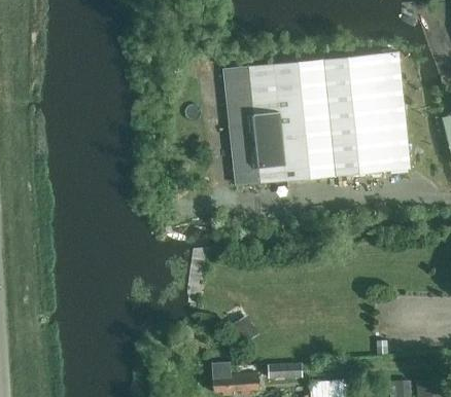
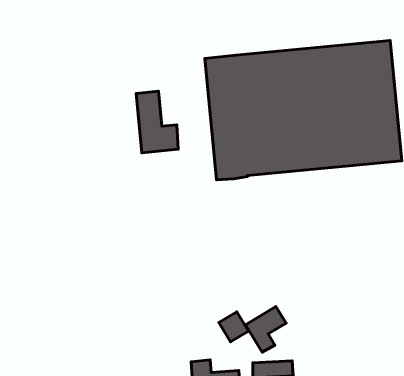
building: none -> [136,91,178,153]
building: none -> [245,306,286,352]

